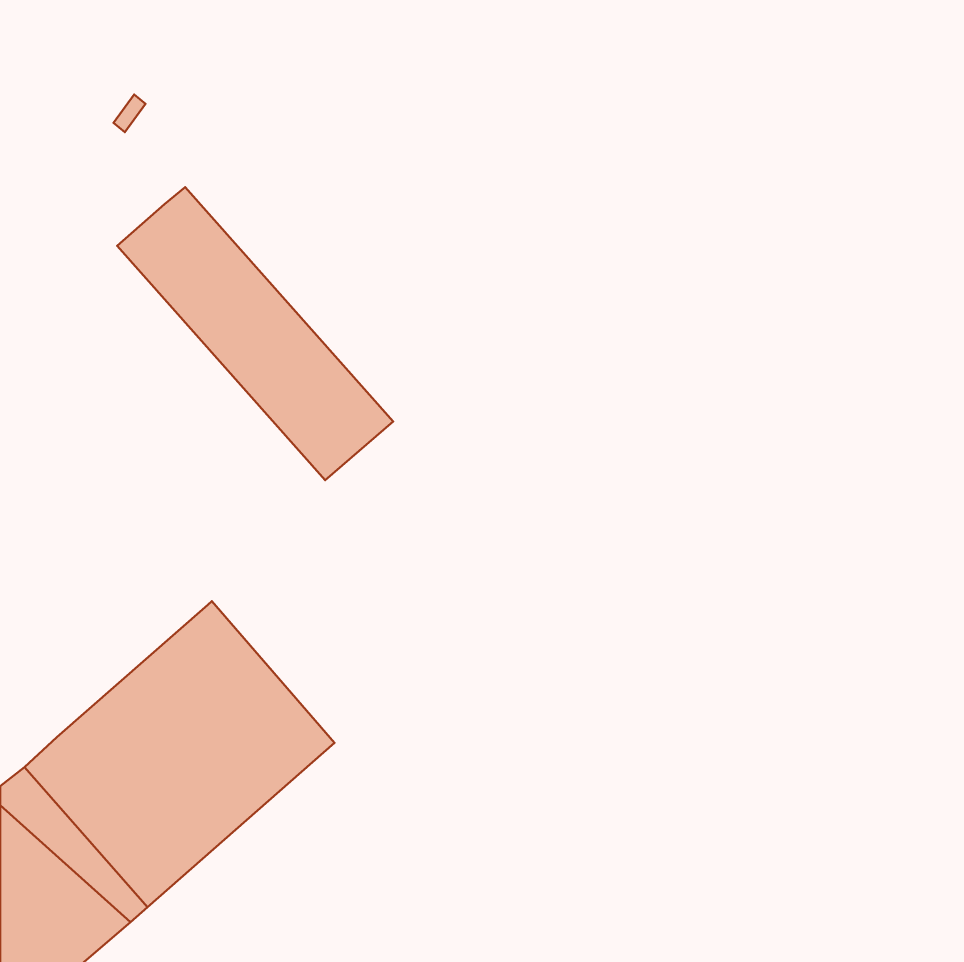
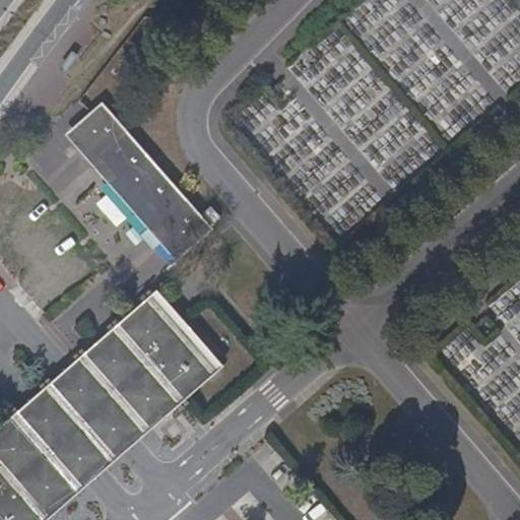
building: none -> [115,289,222,401]

